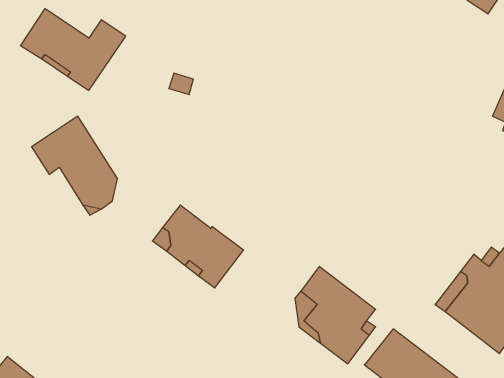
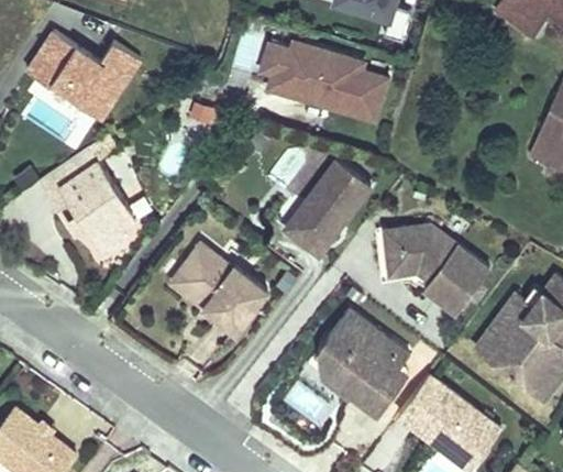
building: none -> [257,36,390,122]
building: none -> [289,161,369,254]
building: none -> [385,224,490,312]

